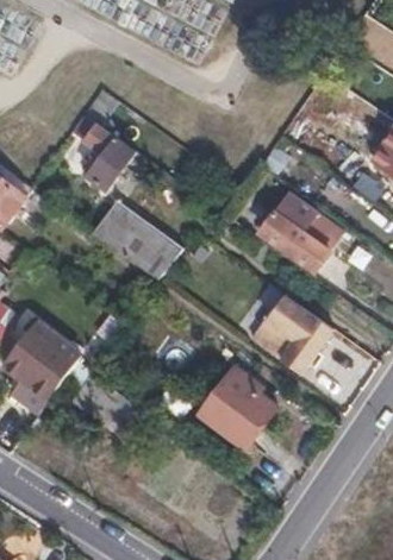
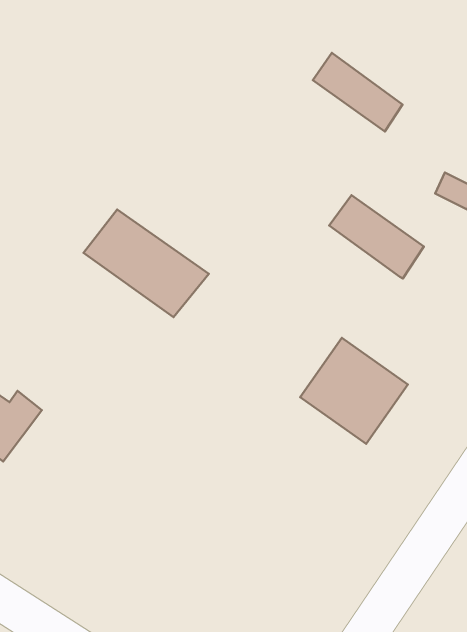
building: [87,125,133,188] -> none
building: [260,212,326,270] -> [313,53,403,132]
building: [199,367,276,448] -> none

